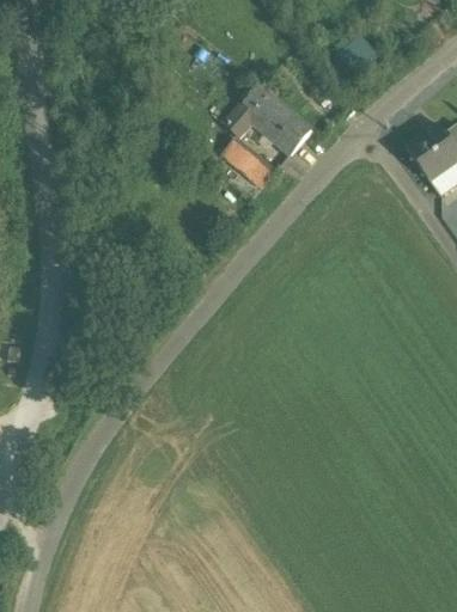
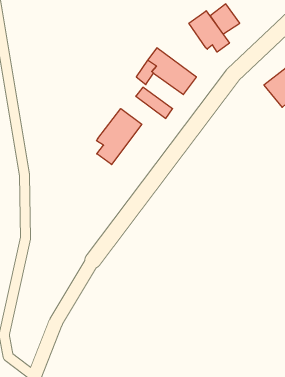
building: none -> [189,11,229,52]
building: none -> [97,109,142,165]

